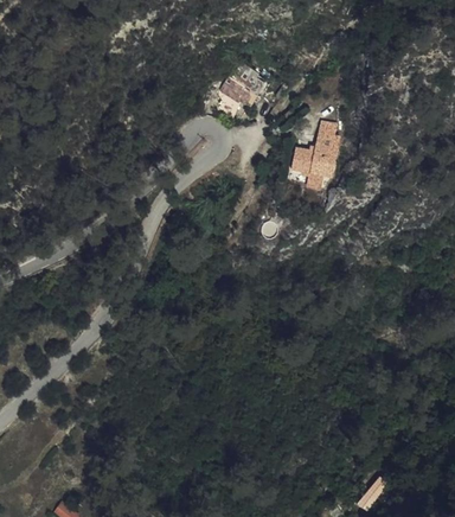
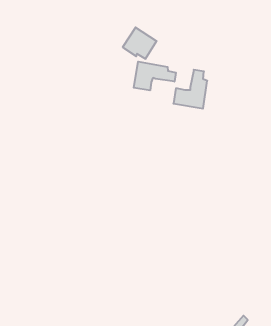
building: none -> [134,62,176,90]

